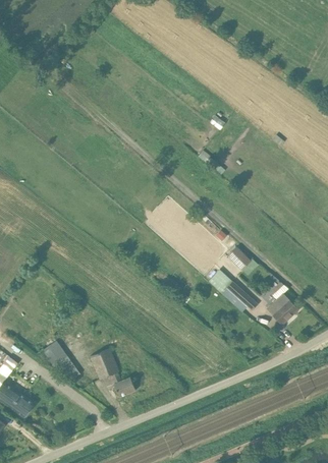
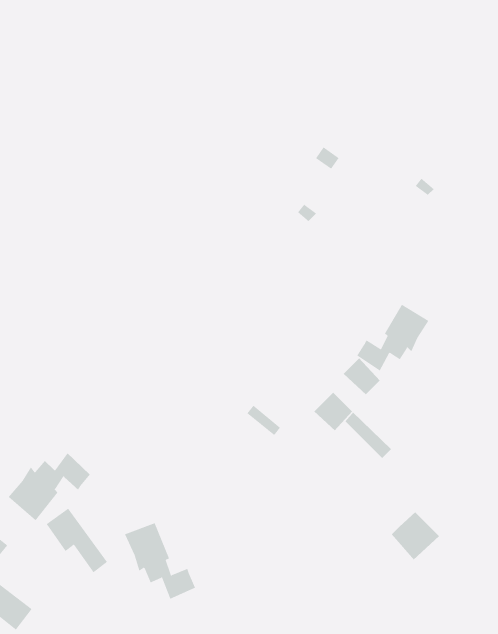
building: none -> [357,304,429,371]
building: [268,294,298,325] -> [391,512,440,561]
building: none -> [8,452,91,521]

